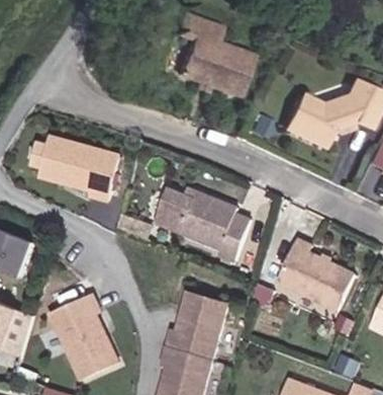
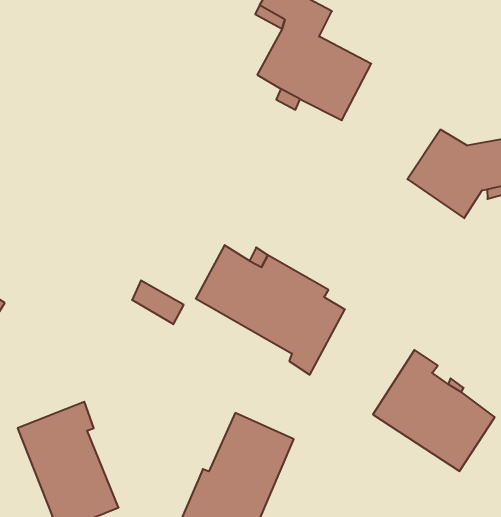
building: [40,133,120,200] -> none

